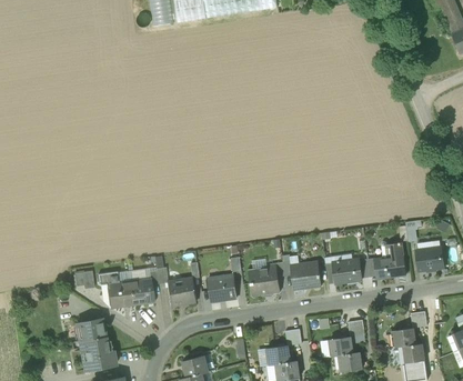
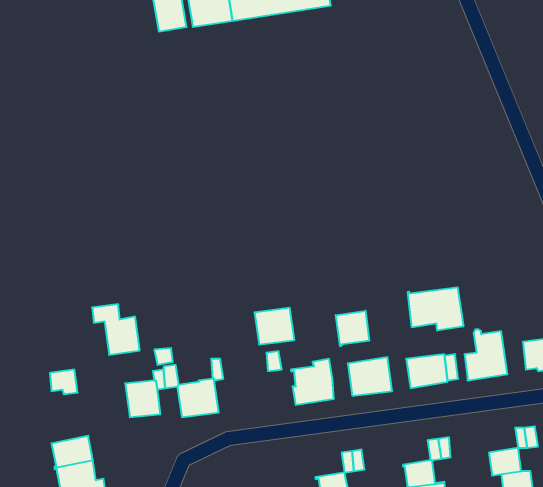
building: none -> [408,287,463,331]
building: none -> [336,311,369,346]
building: [98,271,132,308] -> [92,304,140,355]
building: [208,274,236,301] -> [254,308,294,345]

